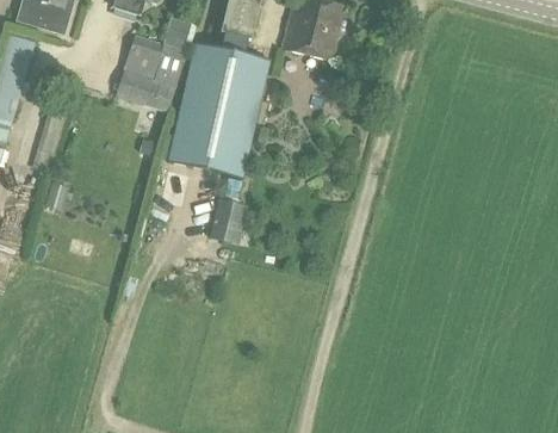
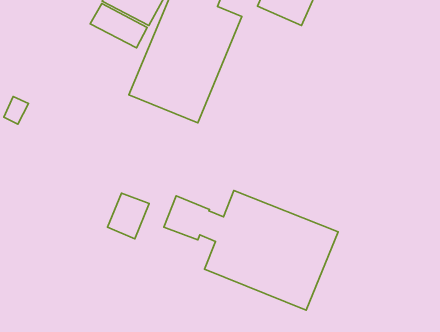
building: [210,198,248,242] -> [107,193,149,239]
building: none -> [164,190,338,310]

